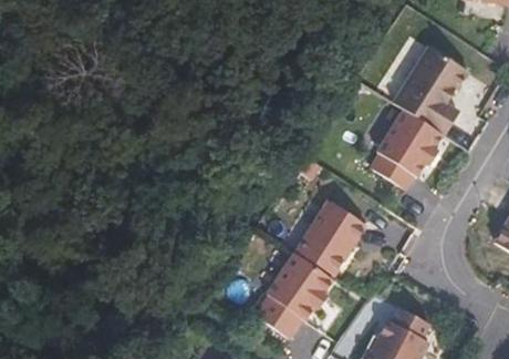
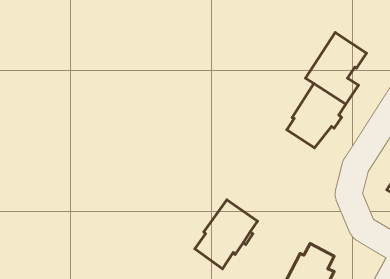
building: [298,201,367,276] -> none

